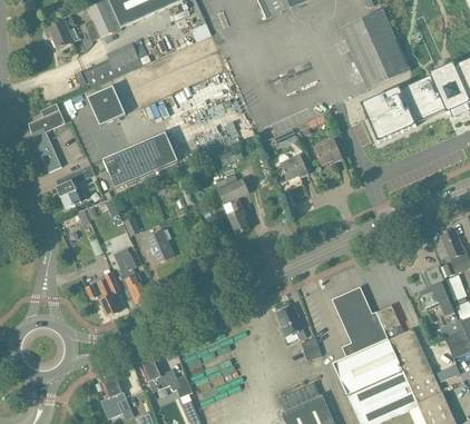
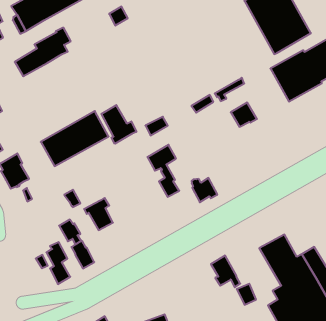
building: [88,86,126,125] -> none
building: none -> [101,105,136,144]
building: [281,155,307,180] -> [192,178,217,202]

